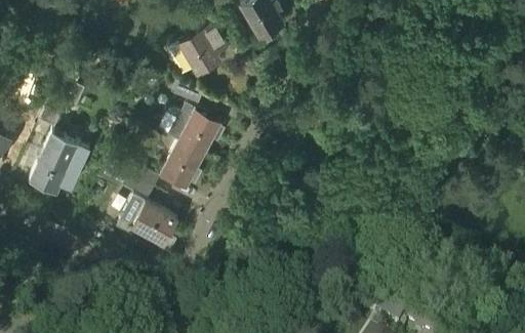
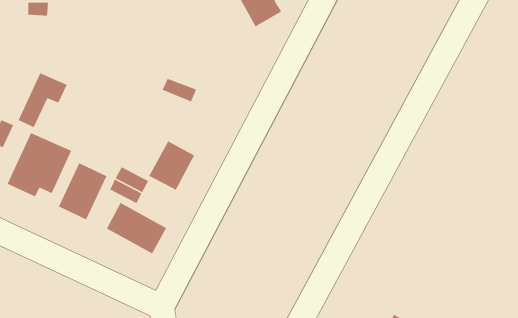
building: [170,23,227,72] -> none
building: [159,103,220,153] -> none
building: none -> [58,162,107,220]

